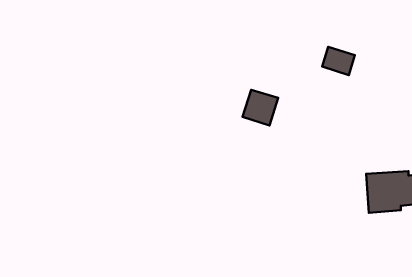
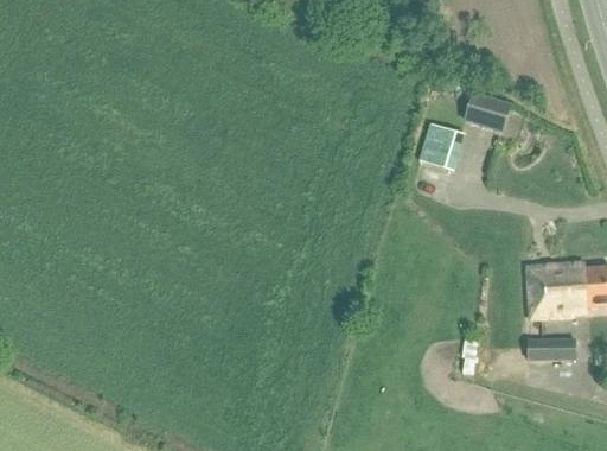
building: [243,90,278,125] -> [418,121,467,170]
building: none -> [526,338,574,360]

